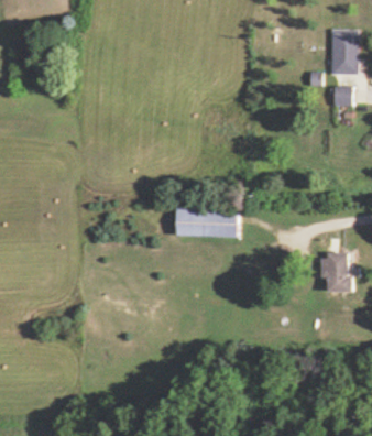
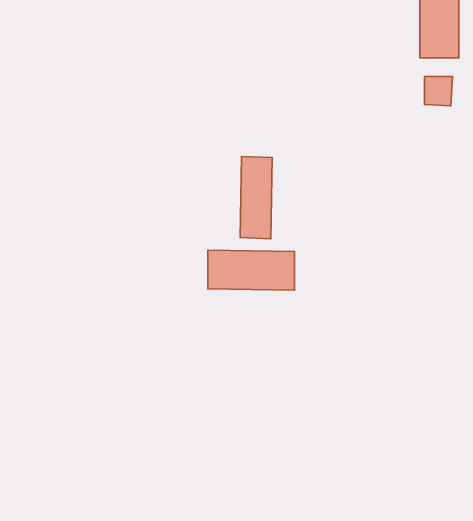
building: none -> [240,156,272,239]
building: [322,254,352,292] -> none

